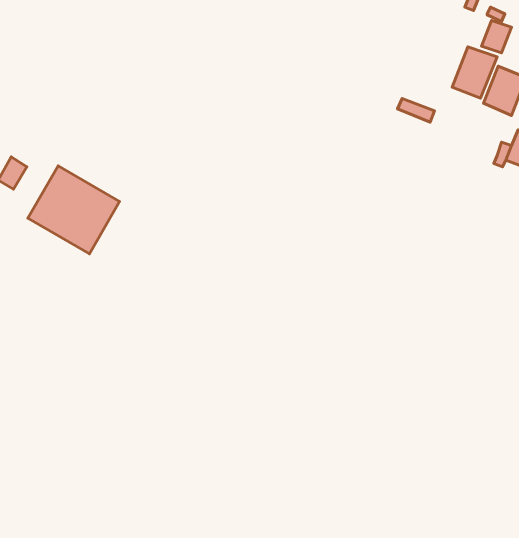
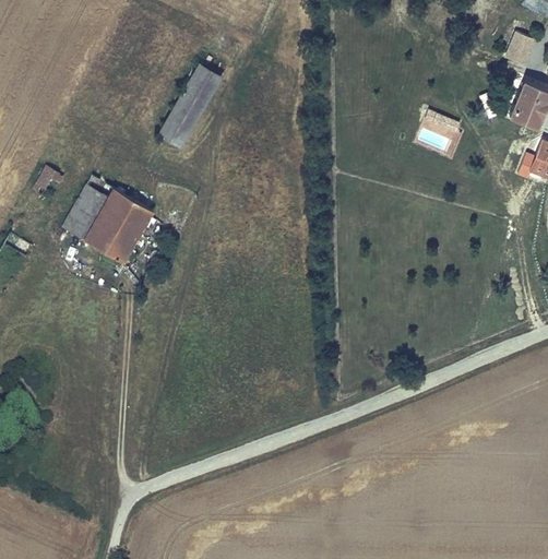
building: [452,47,497,98] -> none
building: none -> [157,64,221,148]

